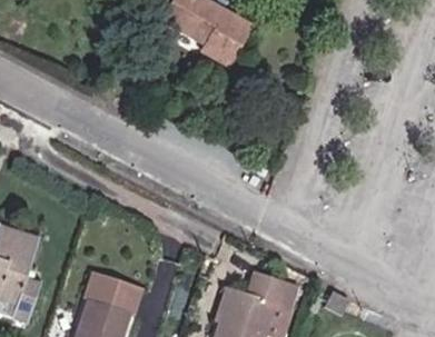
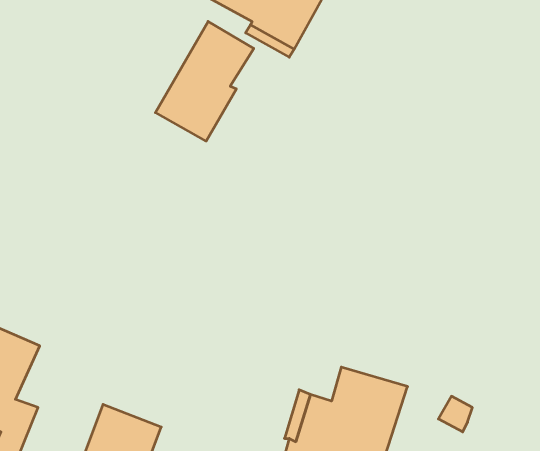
building: none -> [155,21,254,141]
building: [91,275,140,315] -> none

